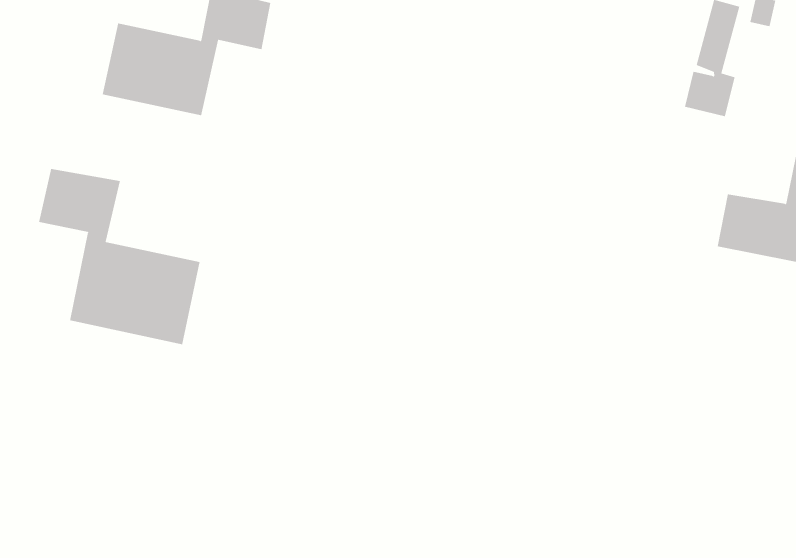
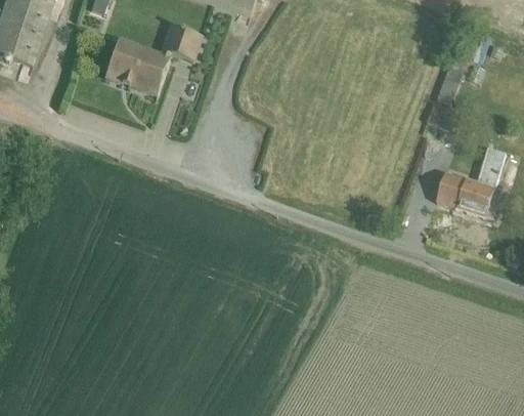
building: [38,168,200,345] -> none

